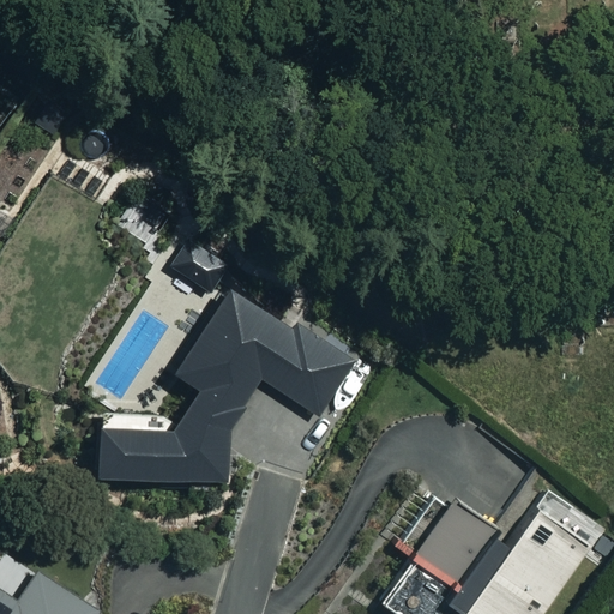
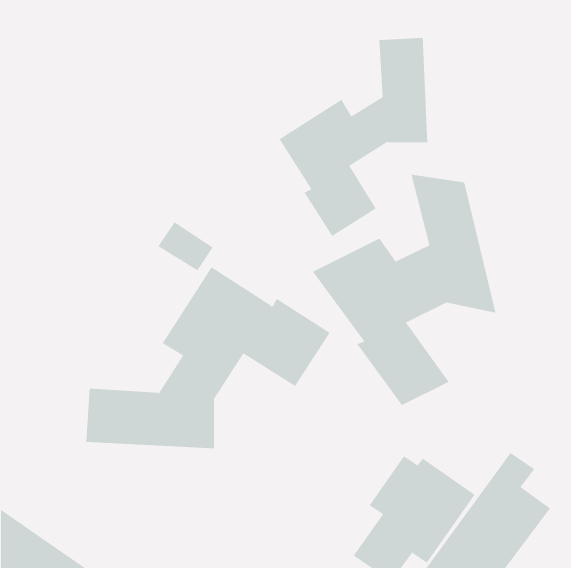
building: none -> [279,37,428,237]
building: none -> [312,174,496,406]

